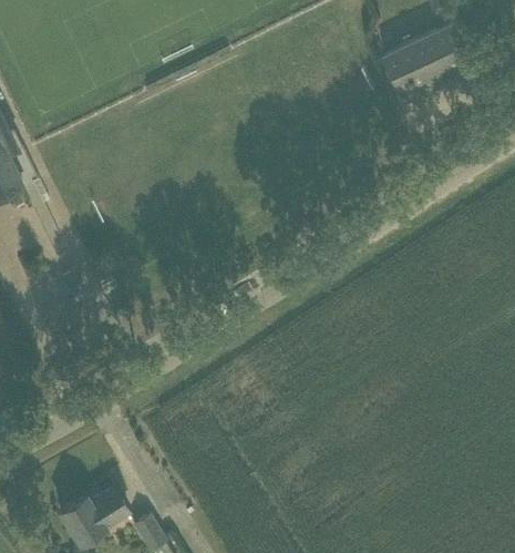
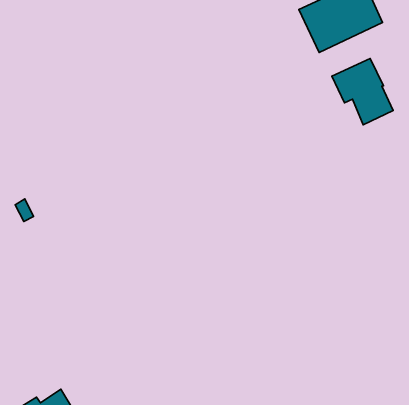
building: none -> [332,58,393,125]

